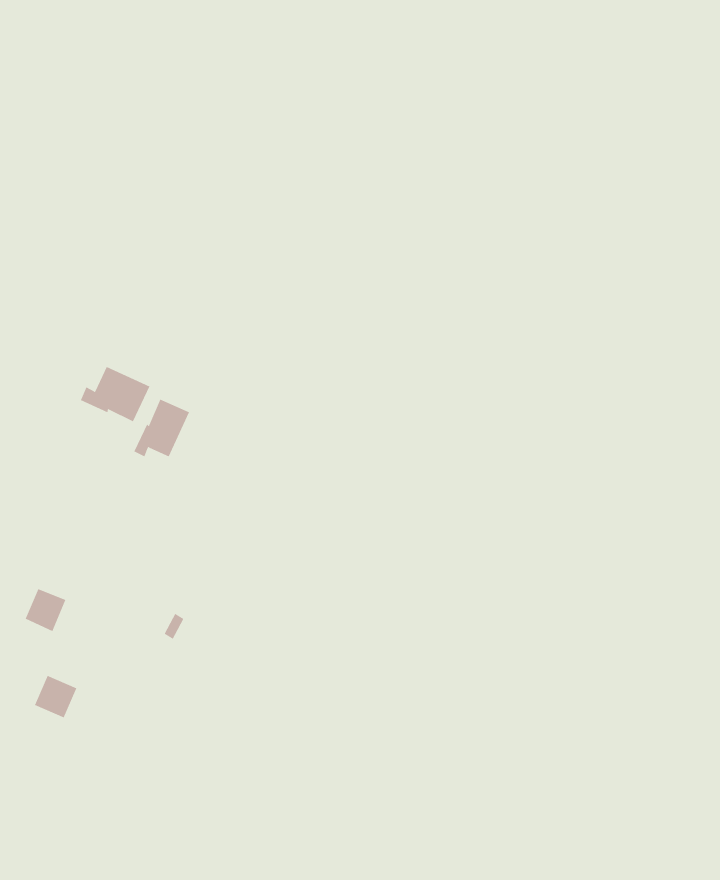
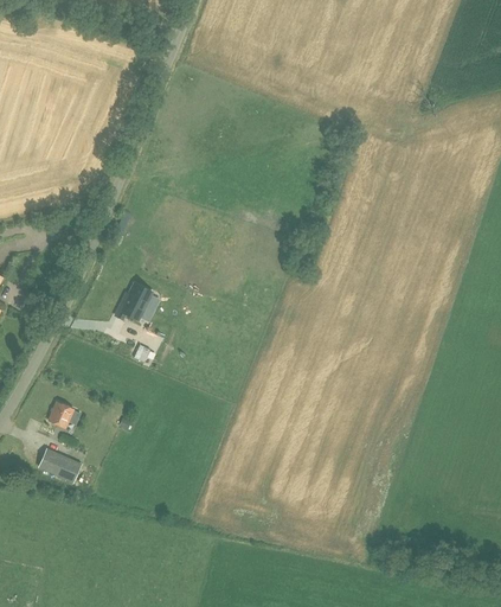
building: [80,366,150,422] -> none

